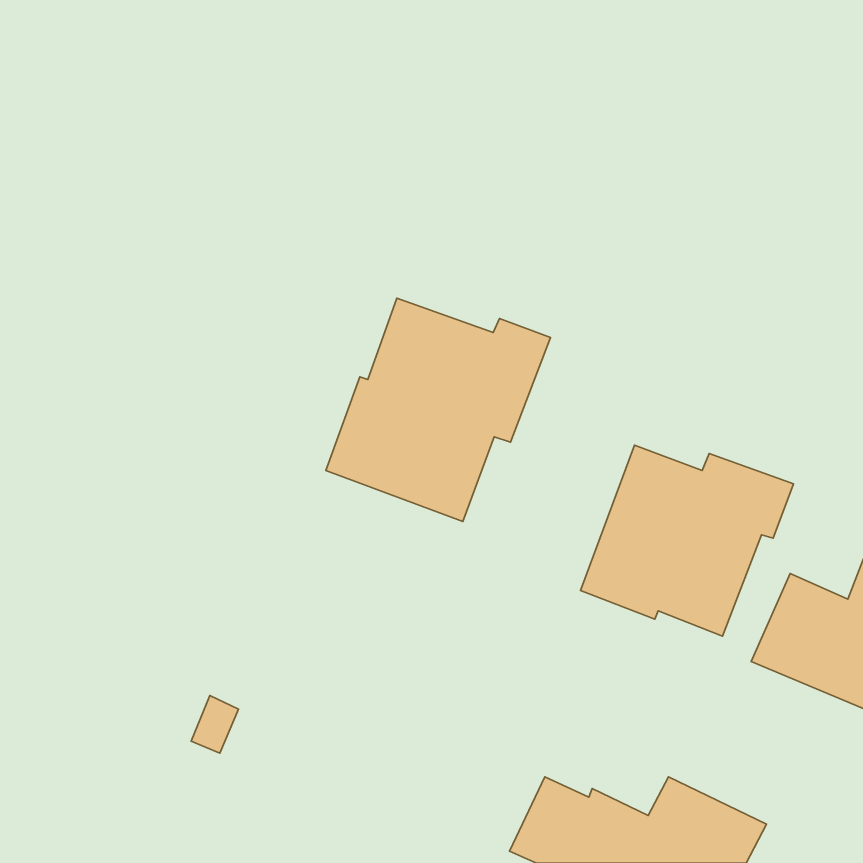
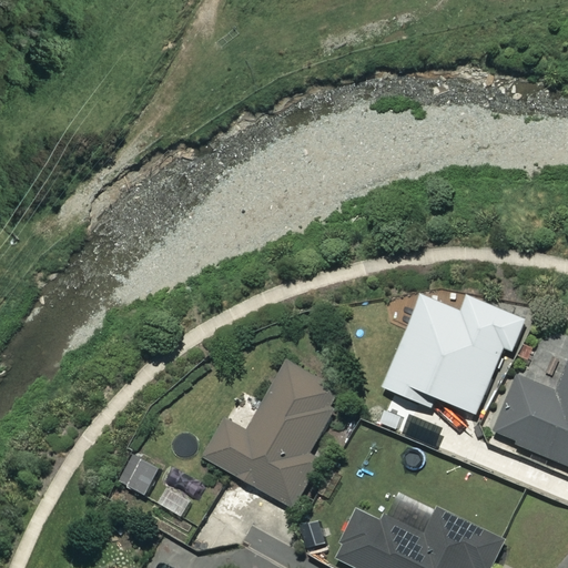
building: [326,298,551,521] -> none
building: none -> [204,362,341,508]

